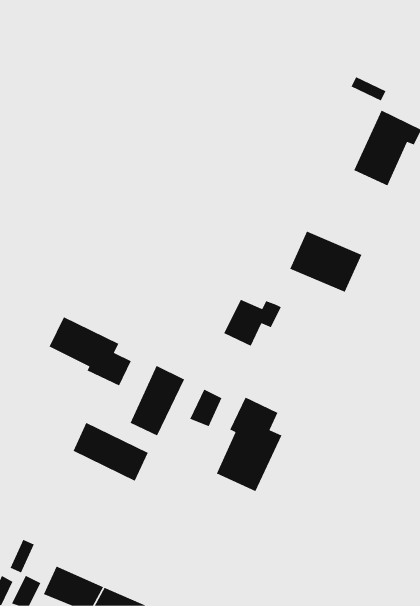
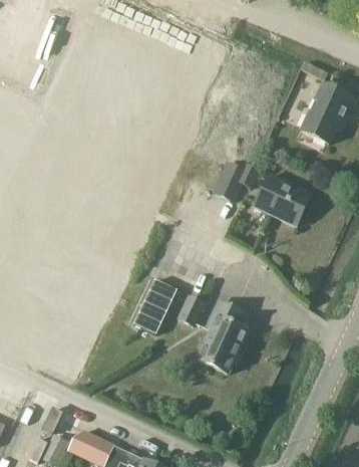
building: [223,299,282,347] -> [214,164,258,200]
building: [48,316,132,387] -> none
building: [72,422,149,482] -> none

